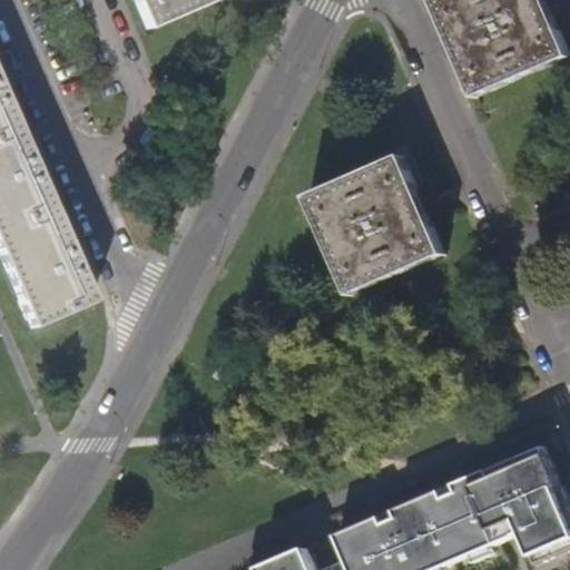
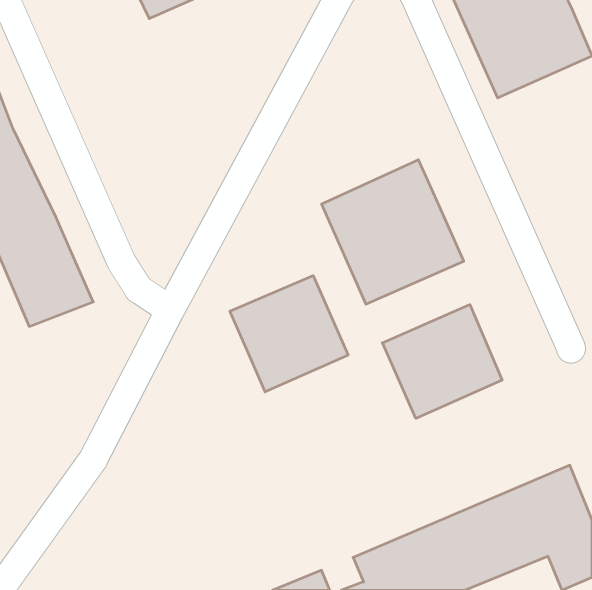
building: none -> [230,276,348,392]
building: none -> [382,305,502,418]

